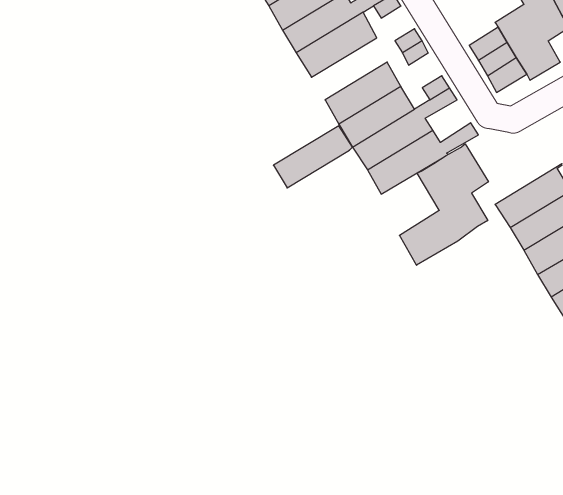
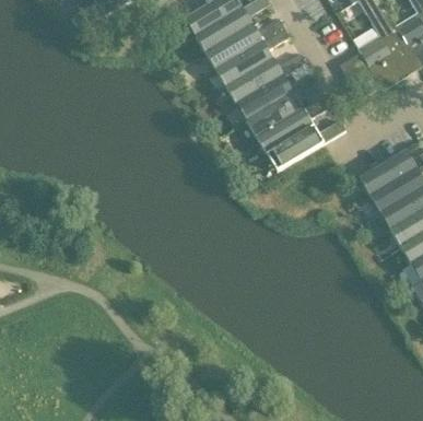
building: [273,126,352,188] -> [226,58,283,103]
building: [399,144,488,265] -> none

